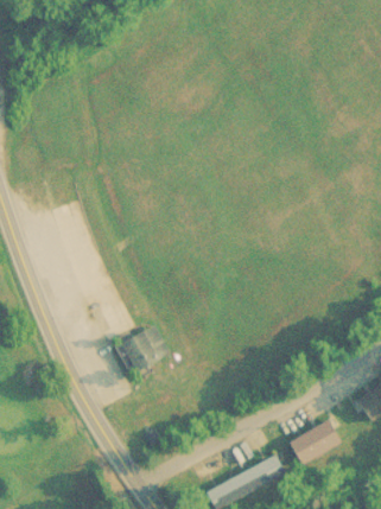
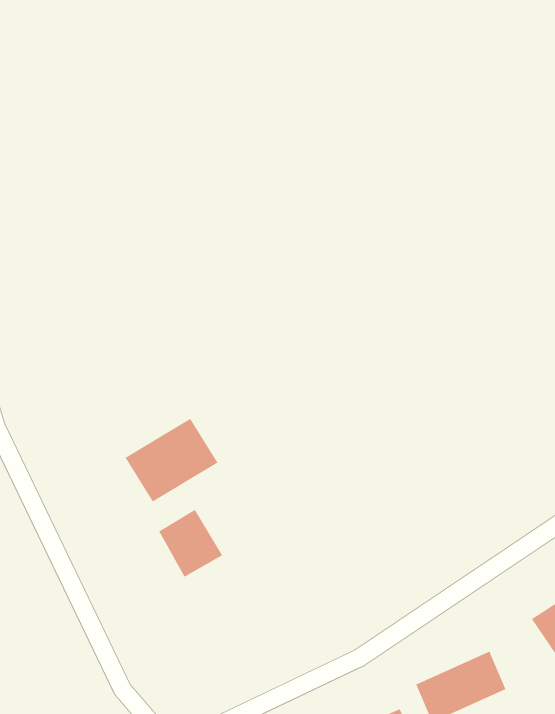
building: none -> [125,418,218,502]

